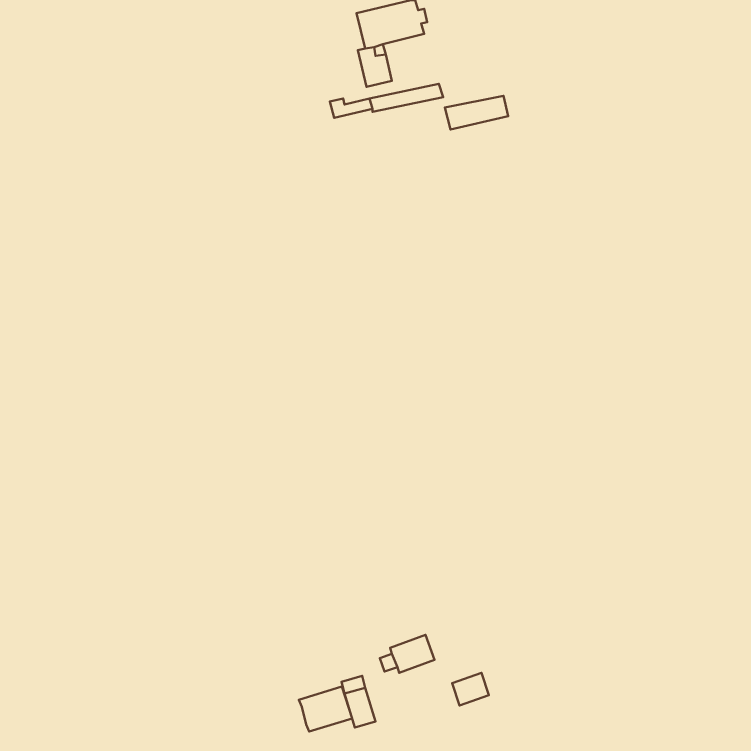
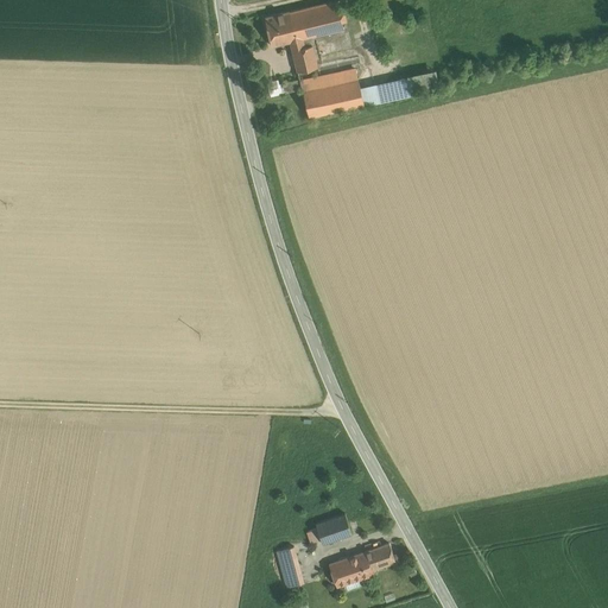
building: none -> [265,12,294,46]
building: none -> [300,80,363,118]
building: none -> [329,552,372,587]
building: [299,687,352,732] -> none

